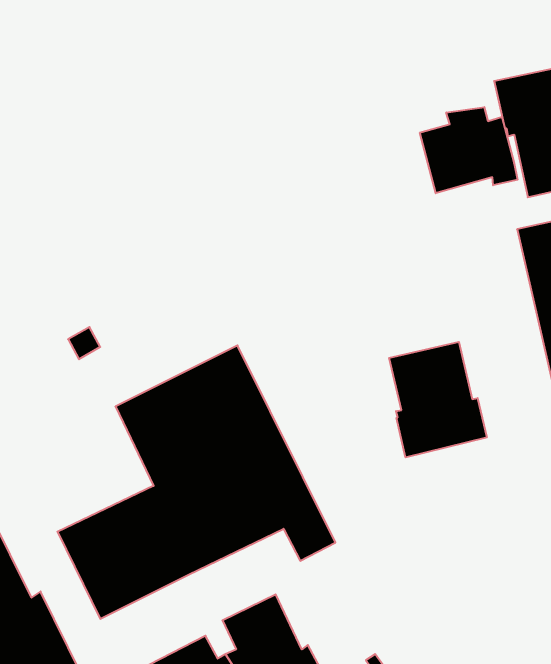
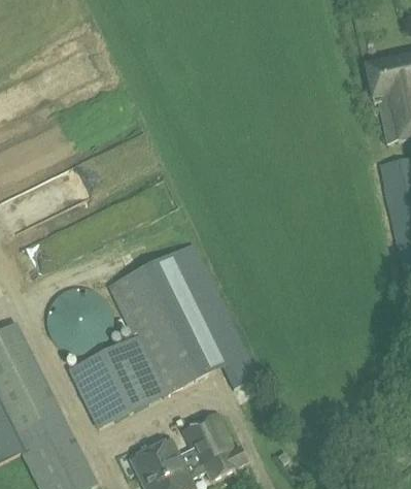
building: [420,107,518,193] -> none
building: [389,342,487,457] -> none
building: none -> [46,286,112,352]

